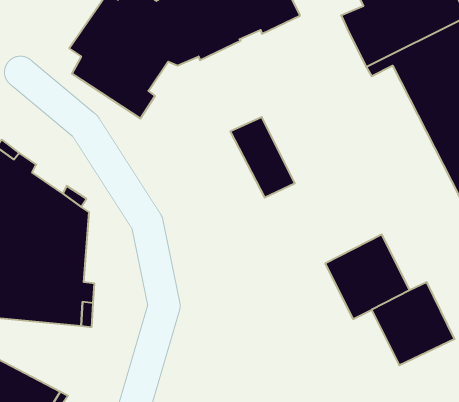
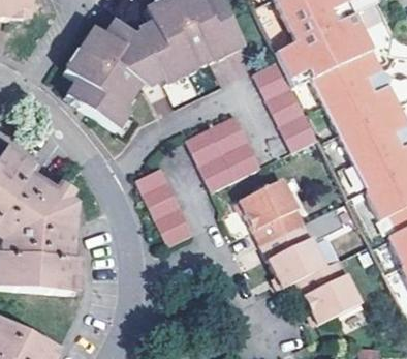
building: none -> [254,61,319,152]
building: none -> [212,115,261,179]
building: none -> [136,168,194,245]
building: none -> [241,178,306,242]

